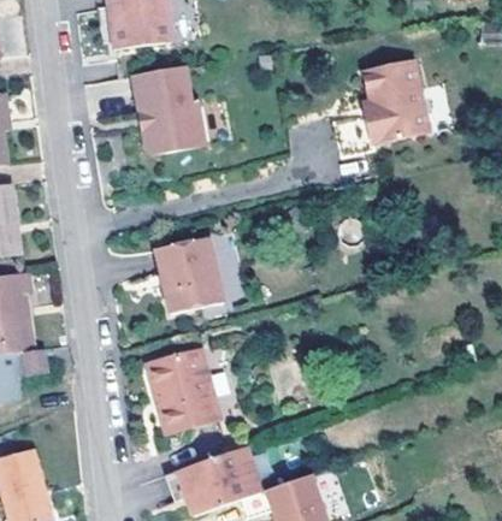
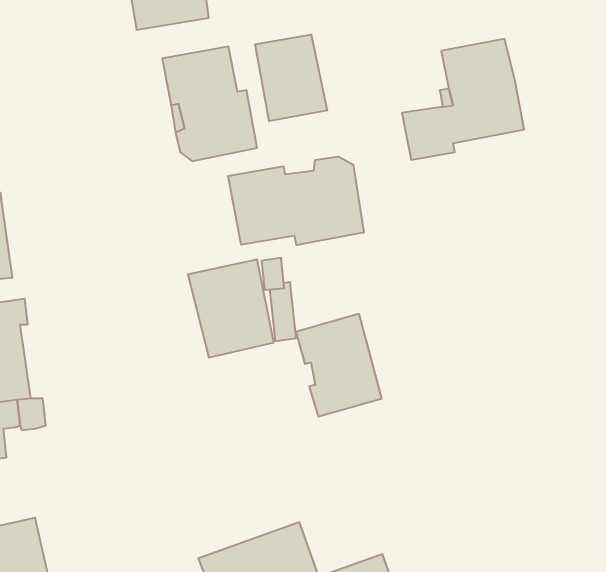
building: none -> [255,34,327,121]
building: none -> [228,157,364,245]
building: [150,353,219,434] -> [296,314,382,417]

